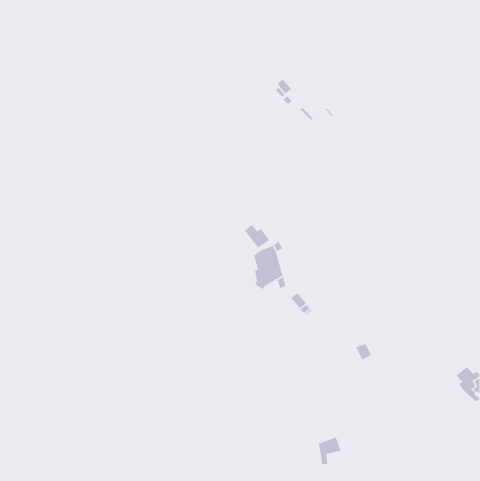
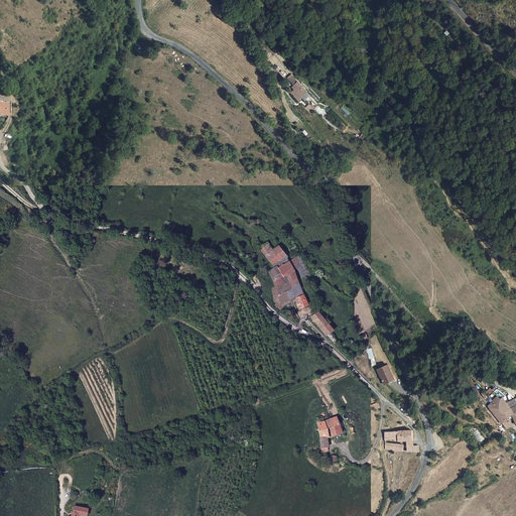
building: none -> [384,429,415,450]
building: [318,437,341,465] -> [317,419,343,449]

